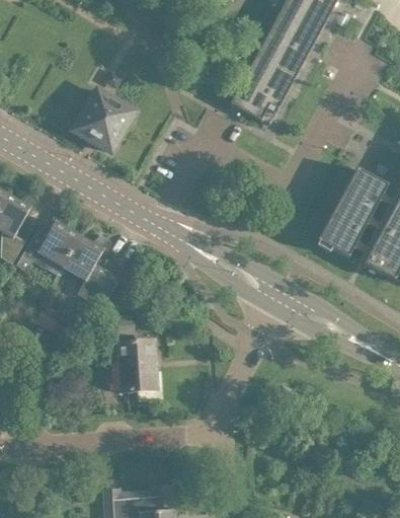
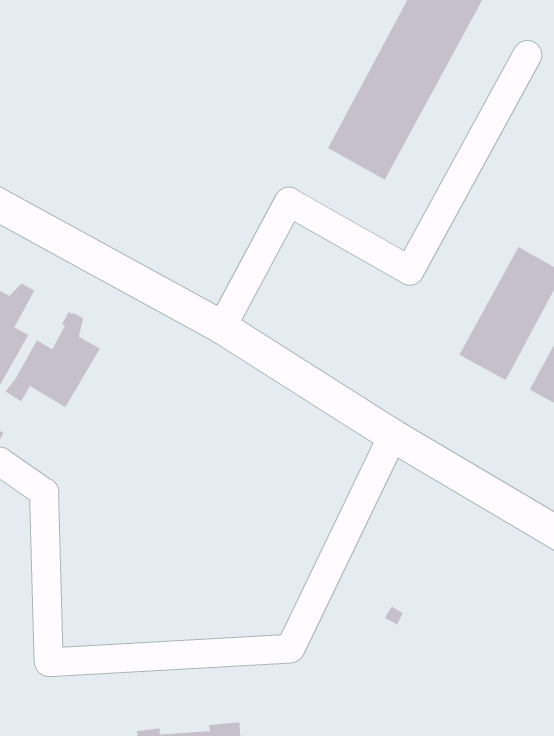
building: [73,90,133,152] -> none
building: [62,234,117,300] -> none
building: [105,315,155,392] -> none

